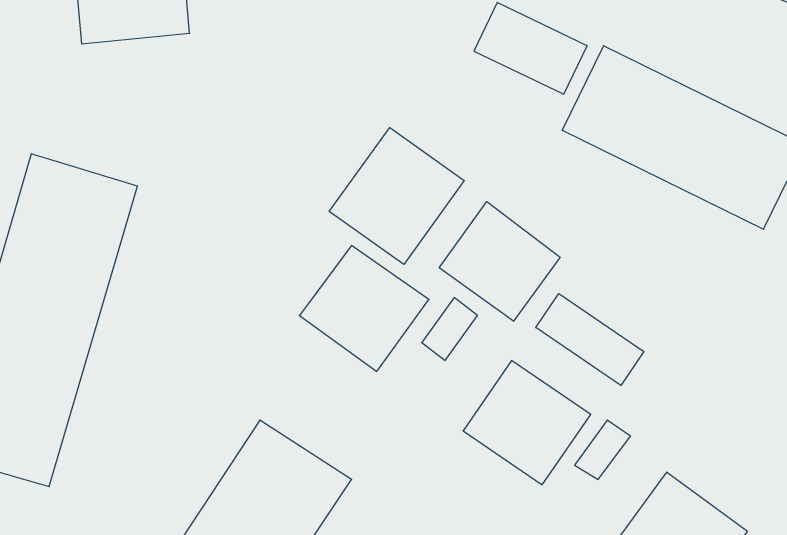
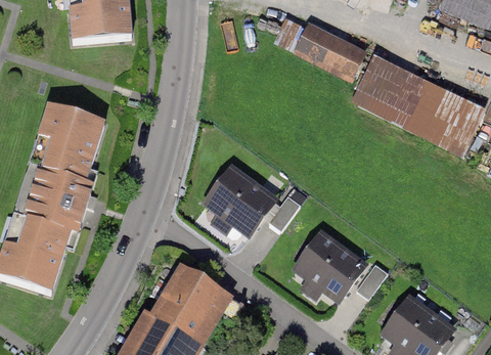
building: [329,128,464,264] -> none
building: [439,202,560,321] -> none
building: [536,294,644,386] -> none

